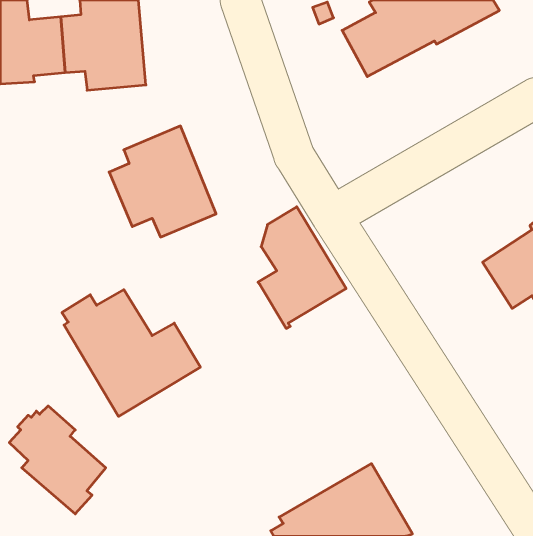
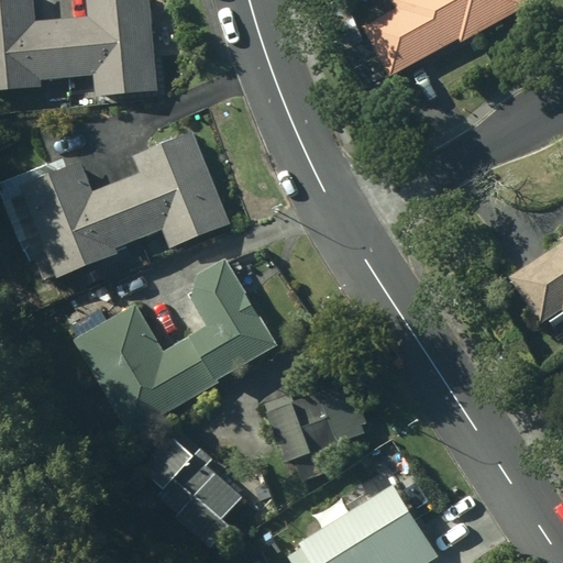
building: none -> [8,161,142,278]
building: [258,207,346,328] -> [184,257,276,385]
building: none -> [263,390,369,482]
building: [9,406,106,514] -> [140,431,241,544]

